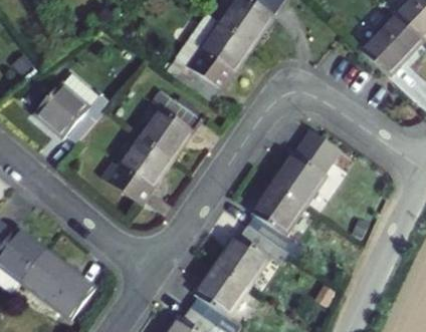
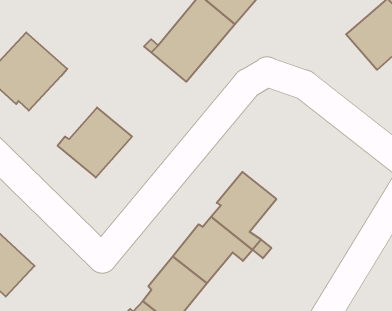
building: [135,96,197,158] -> none
building: [272,130,341,205] -> none

